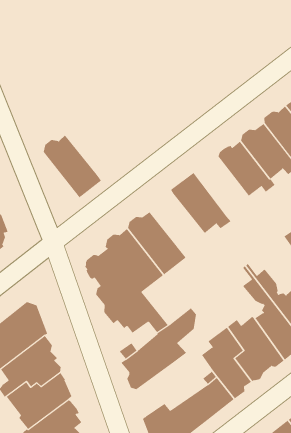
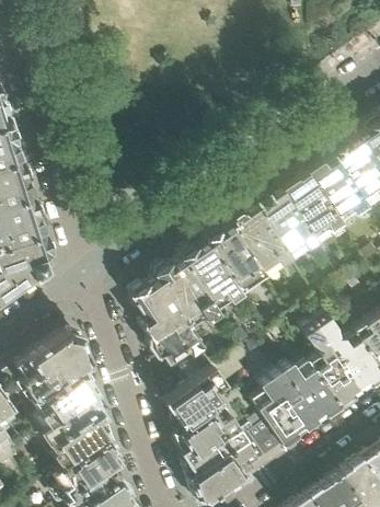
building: [43,134,102,198] -> [207,224,268,293]
building: none -> [256,187,319,252]
building: none -> [177,404,247,461]

